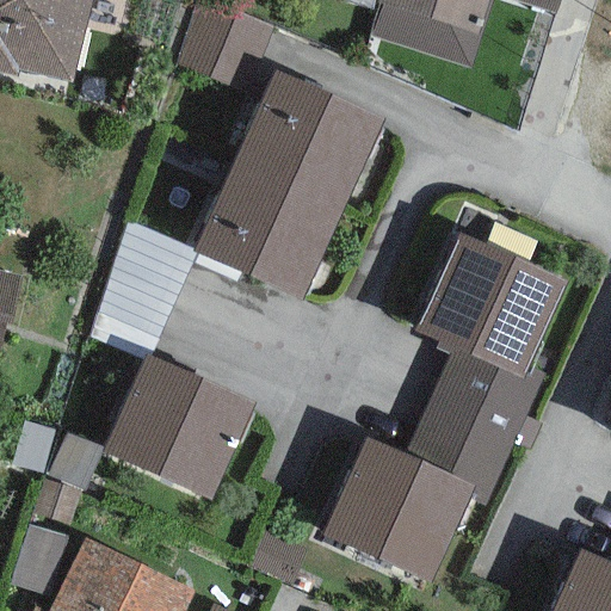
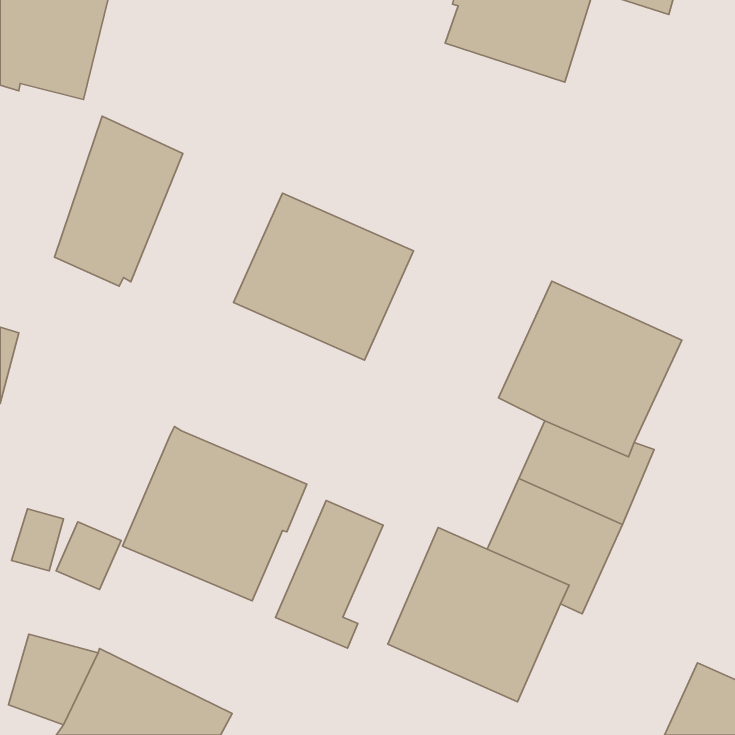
building: [235,70,383,208] -> none
building: [88,220,195,360] -> [54,116,183,286]
building: none -> [276,501,383,648]

